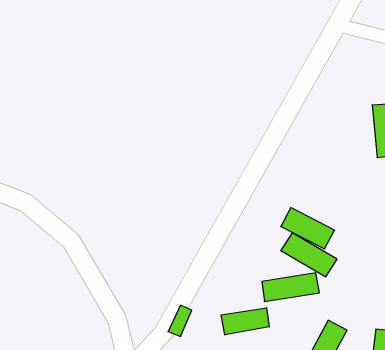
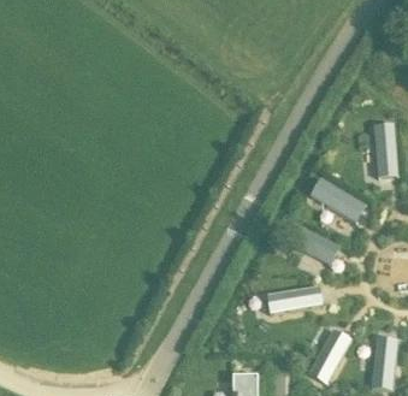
building: [281,233,337,277] -> [309,178,363,220]
building: [221,308,269,335] -> none

